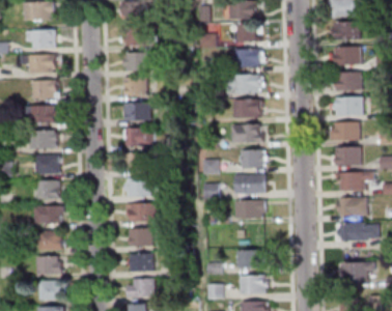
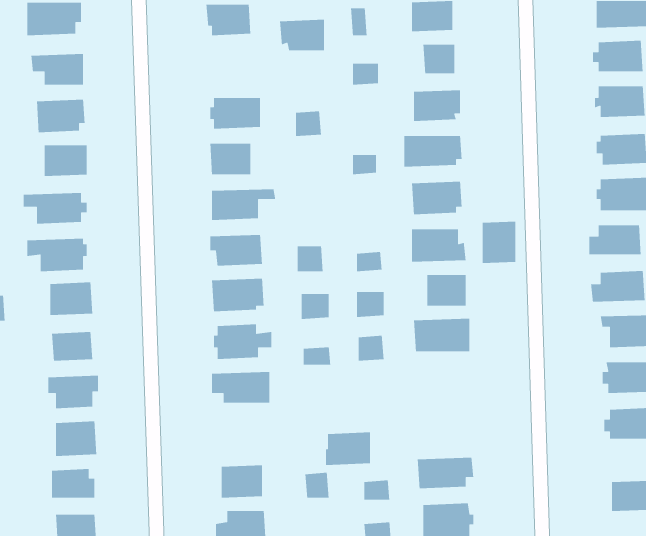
building: [122,28,147,46] -> [279,19,325,51]
building: none -> [482,221,516,264]
building: [235,200,265,218] -> none
building: [128,228,152,247] -> [325,431,371,466]

